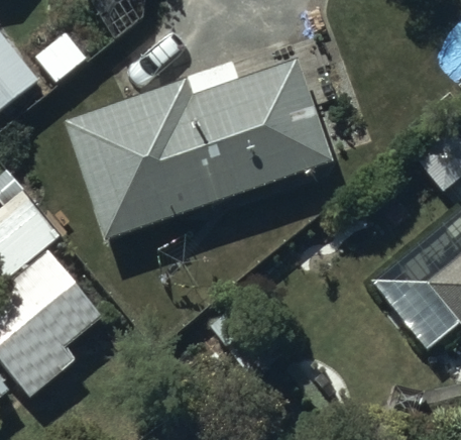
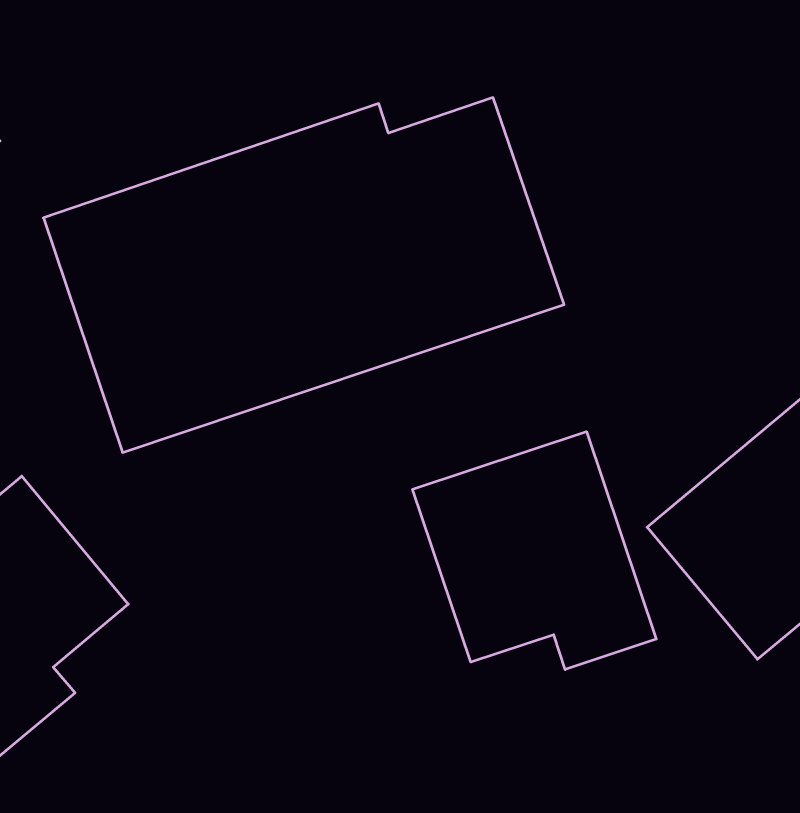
building: none -> [413,432,656,670]

